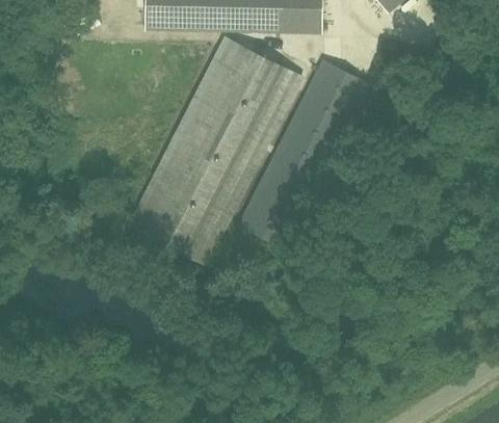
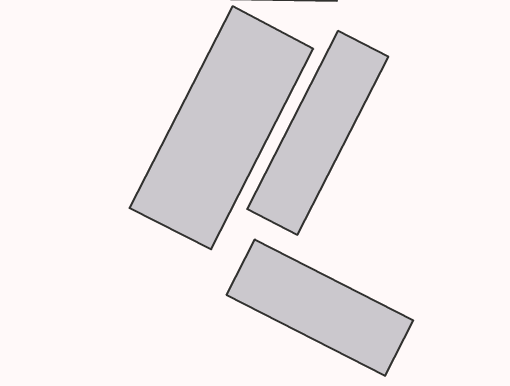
building: none -> [227,239,413,376]

